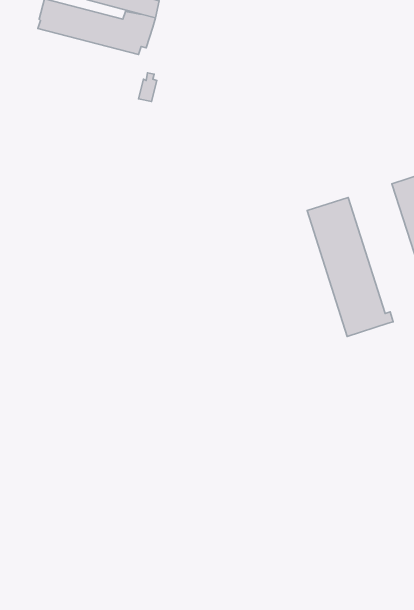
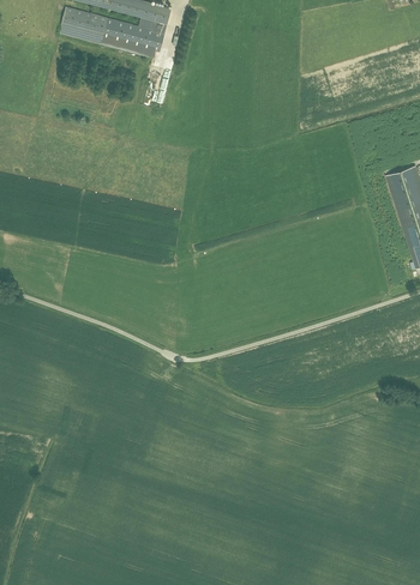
building: [307,197,393,337] -> none

